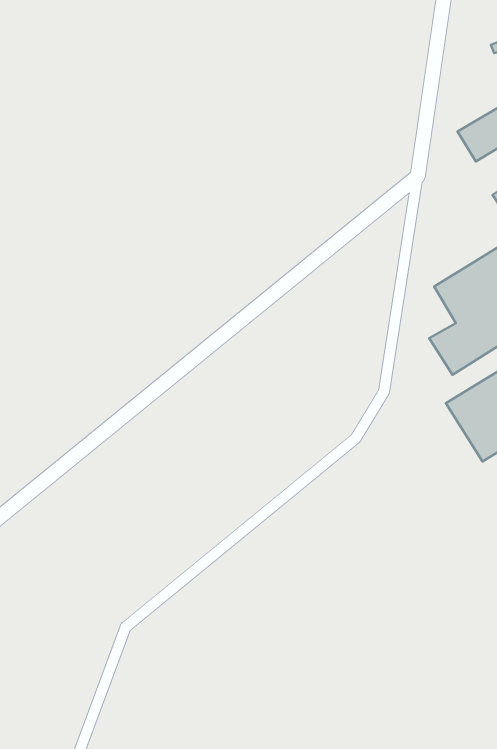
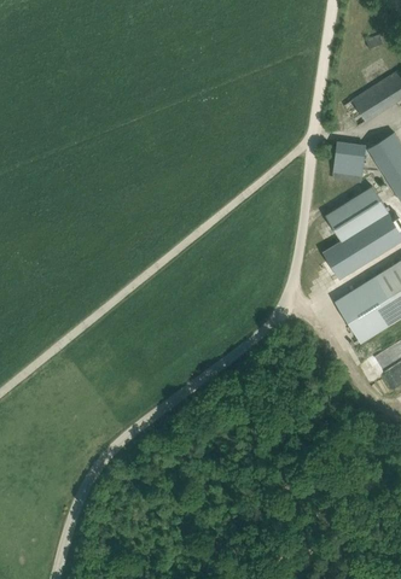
building: none -> [332,142,365,176]

